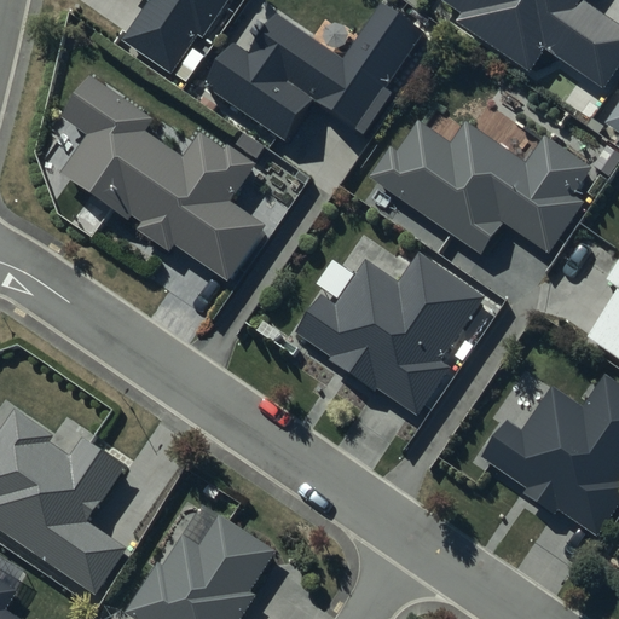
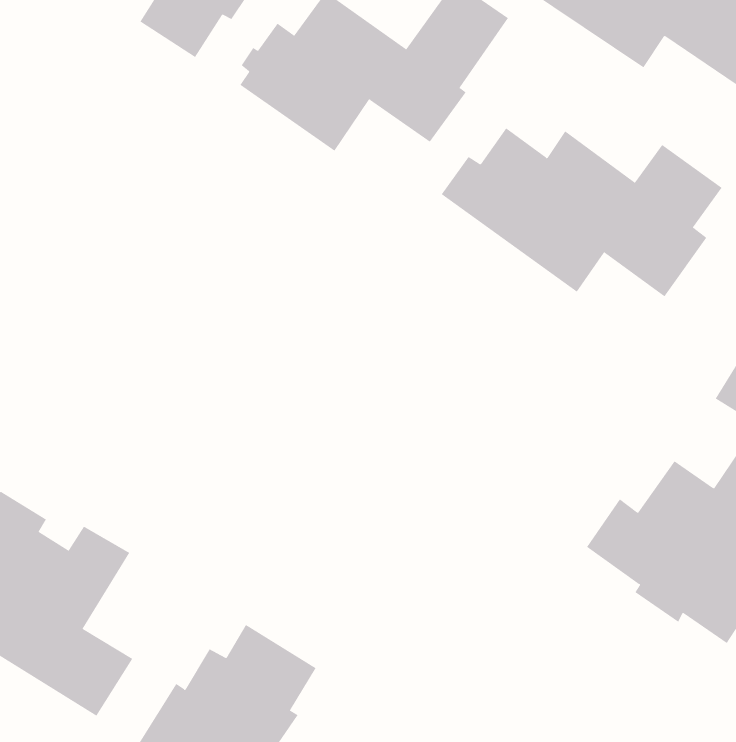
building: [45,79,266,285] -> none
building: [293,253,484,411] -> none

